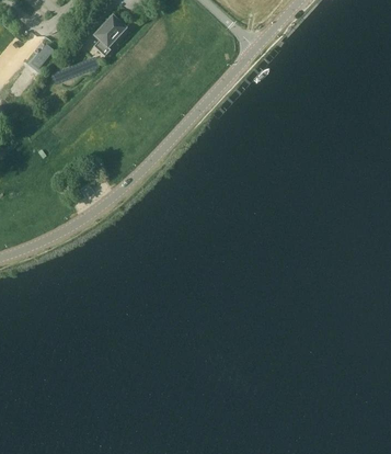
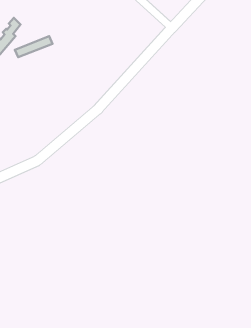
building: [93,14,125,55] -> none

